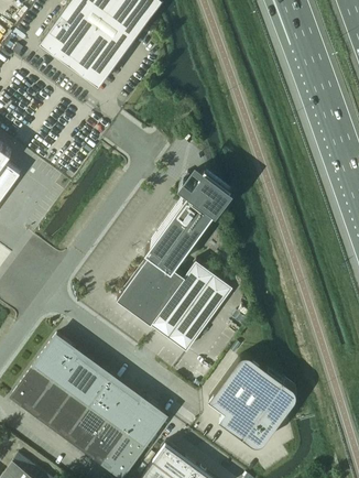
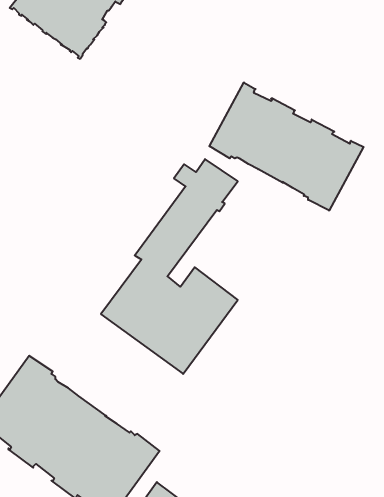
building: none -> [209,82,364,211]
building: [208,357,296,446] -> none

